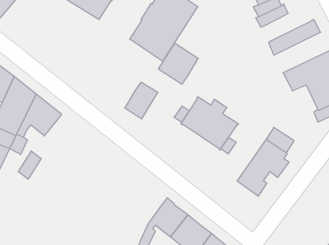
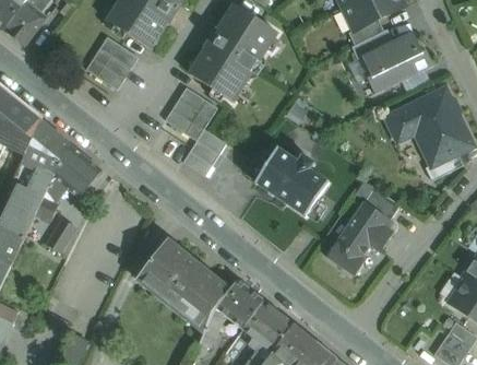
building: none -> [361,31,422,74]
building: none -> [86,35,139,89]
building: [158,43,198,84] -> [166,86,217,139]
building: none -> [138,238,229,330]

